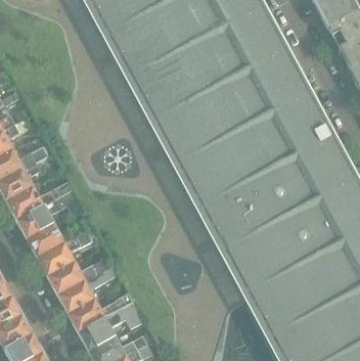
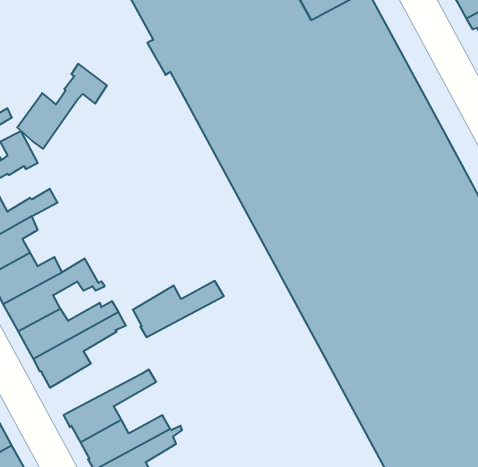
building: none -> [17,64,107,149]
building: [48,257,109,295] -> [133,281,224,337]

